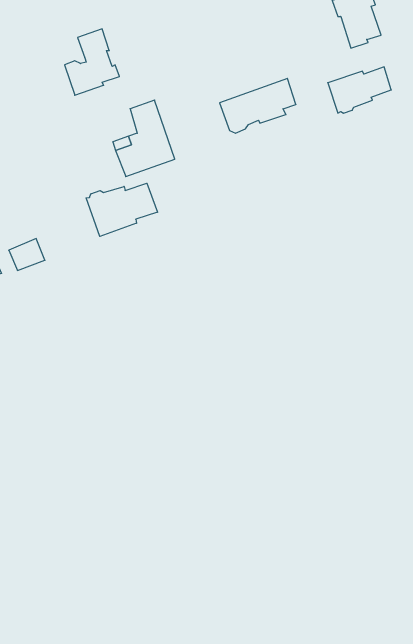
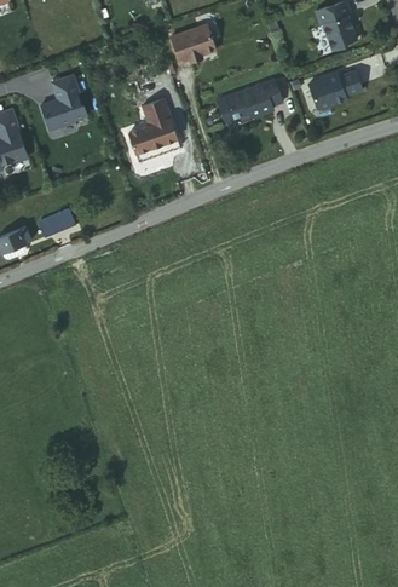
building: none -> [172,22,215,61]
building: [65,29,119,95] -> [41,73,87,128]
building: [86,183,158,236] -> none

